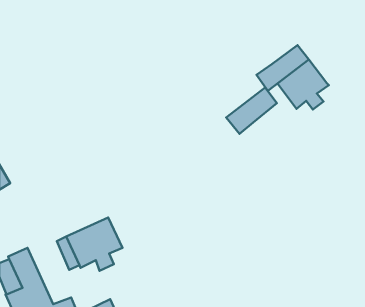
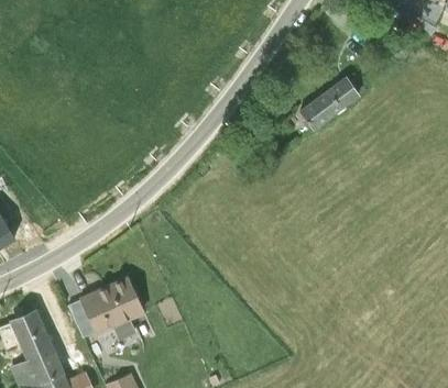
building: [278,59,329,110] -> none
building: [226,87,277,134] -> none

